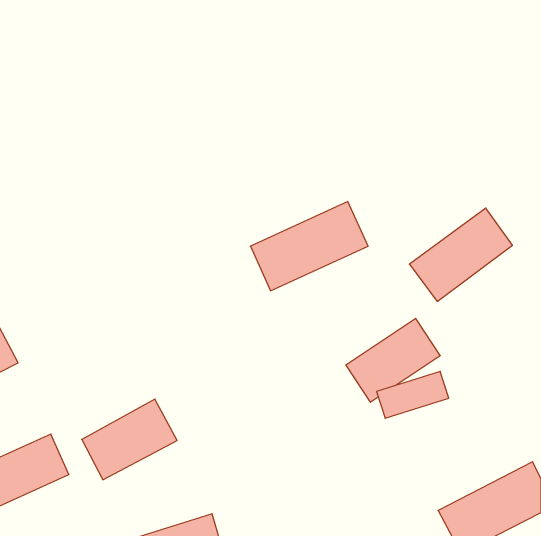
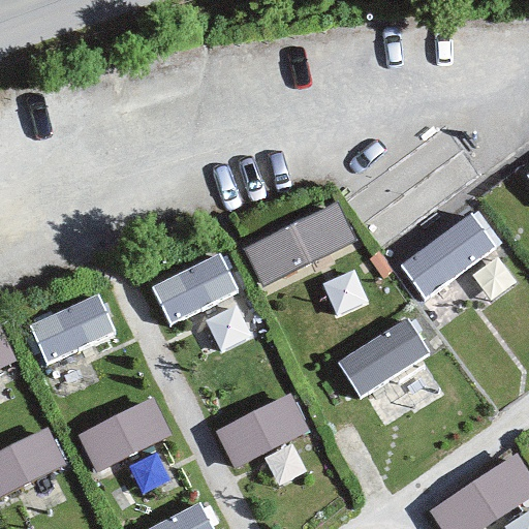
building: none -> [151,252,241,324]
building: none -> [30,294,119,360]
building: none -> [218,397,308,463]

